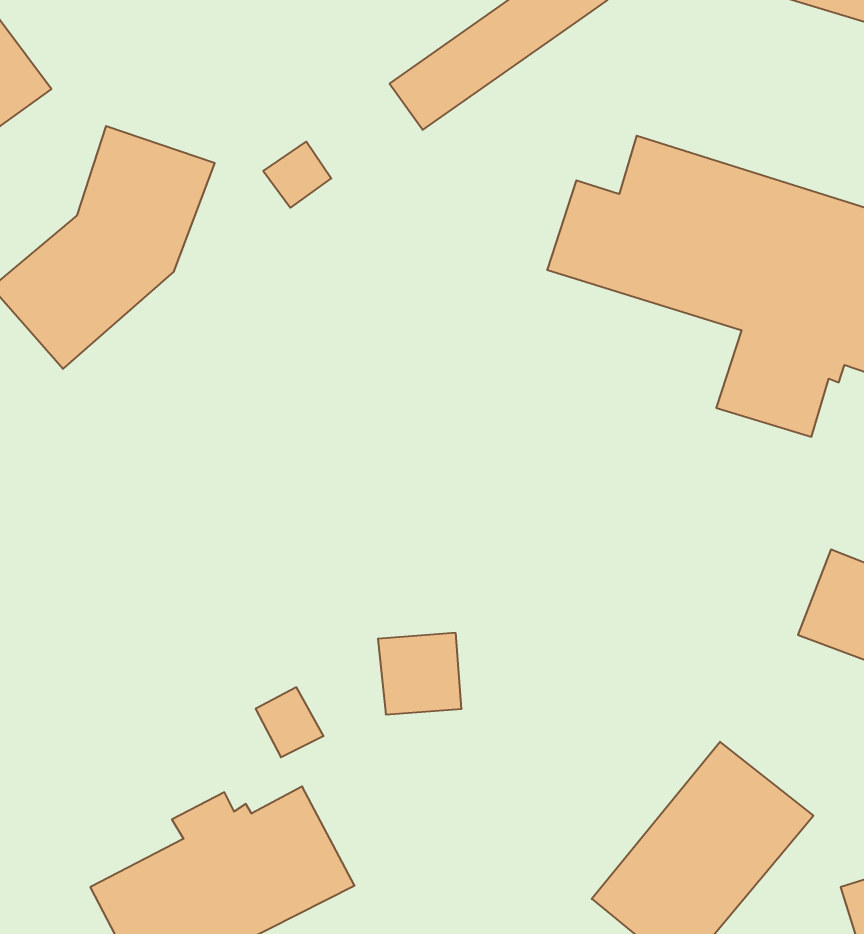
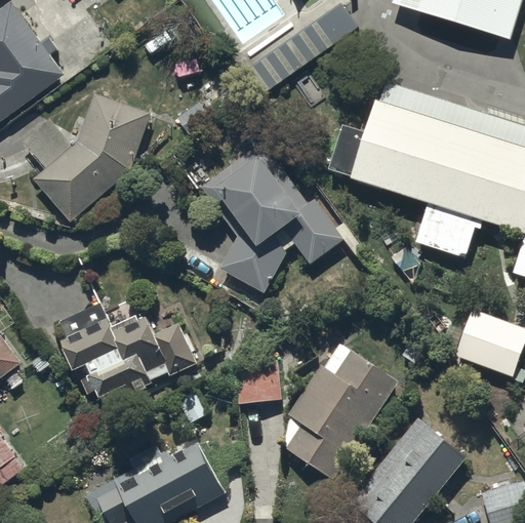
building: none -> [201,142,342,292]
building: none -> [59,301,197,395]
building: none -> [286,343,399,479]

